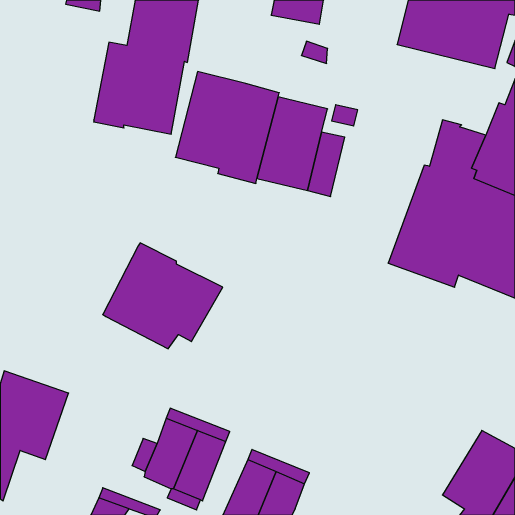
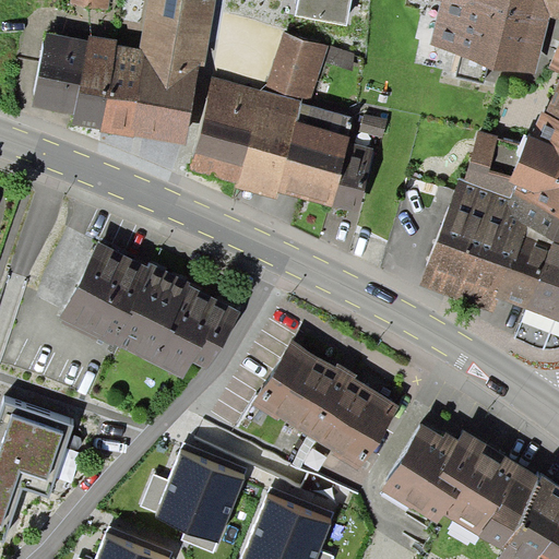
building: none -> [32,33,119,130]
building: none -> [266,34,329,107]
building: none -> [60,241,150,346]
building: none -> [251,338,399,471]
building: none -> [381,424,522,536]

